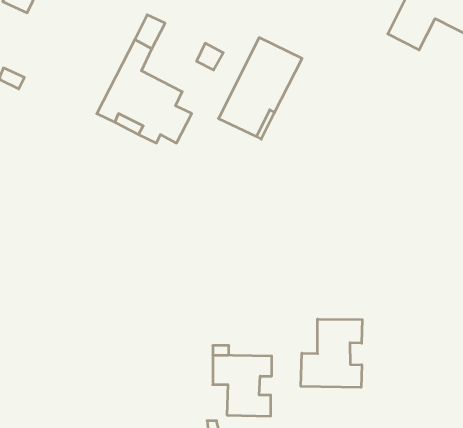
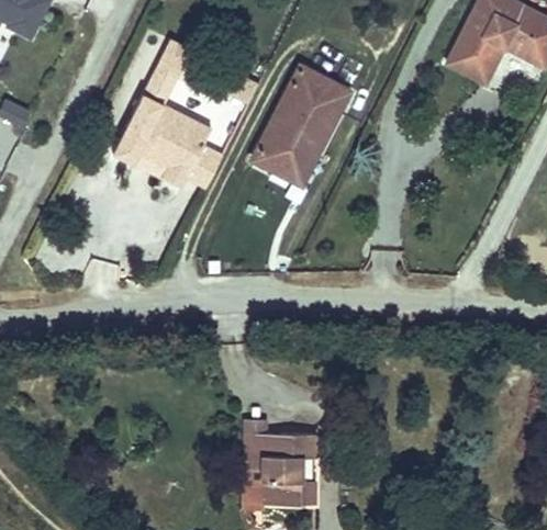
building: [301,319,362,387] -> none

